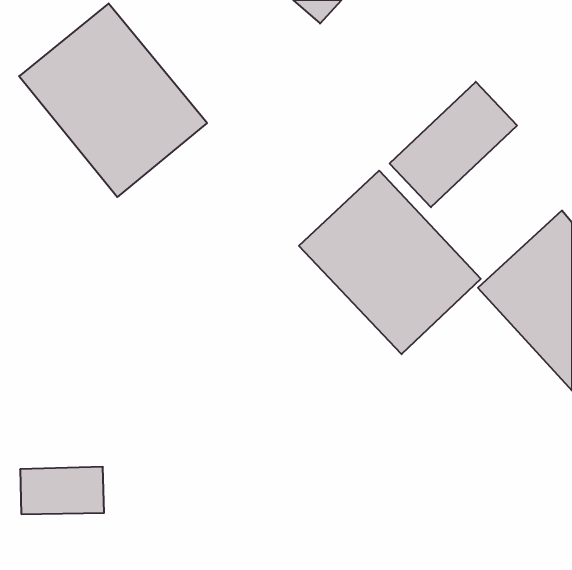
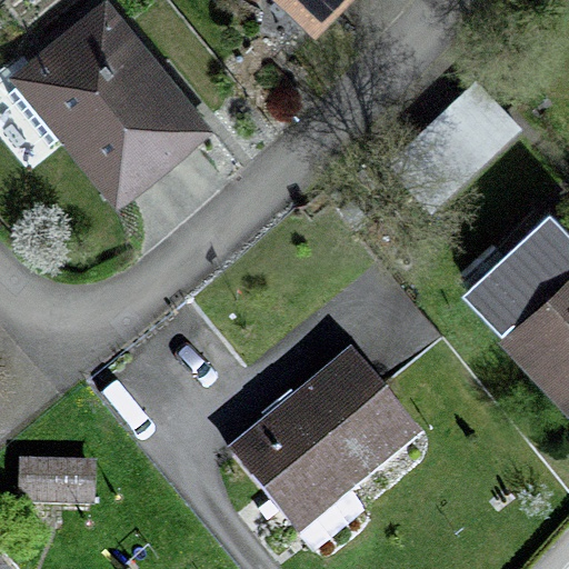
building: [299,171,481,354] -> none
building: none -> [232,356,409,527]

